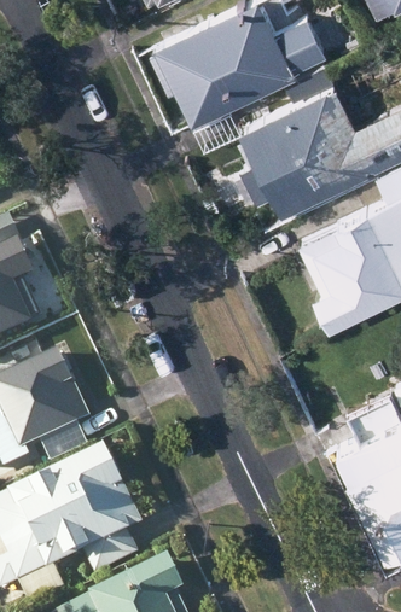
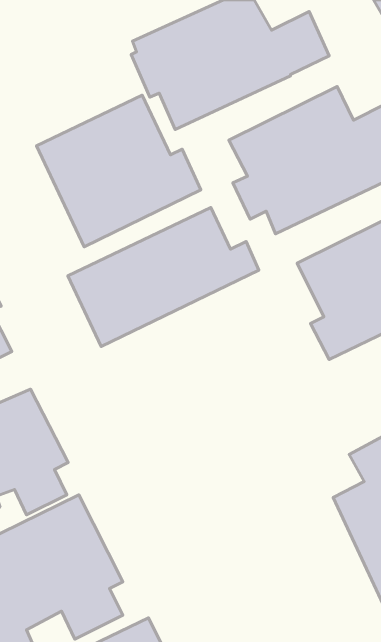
building: none -> [36,95,201,247]
building: none -> [68,207,259,346]

